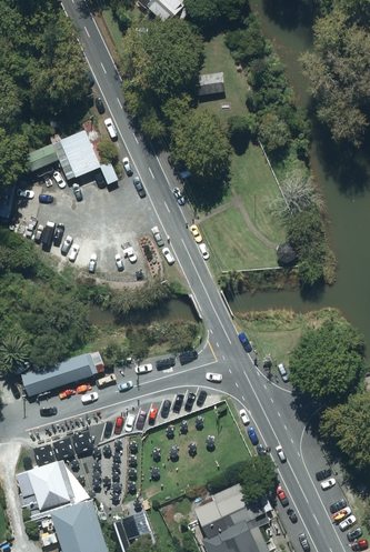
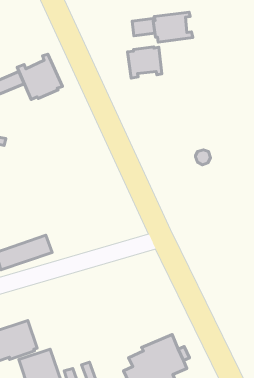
building: none -> [153,12,193,42]
building: none -> [127,47,162,78]

